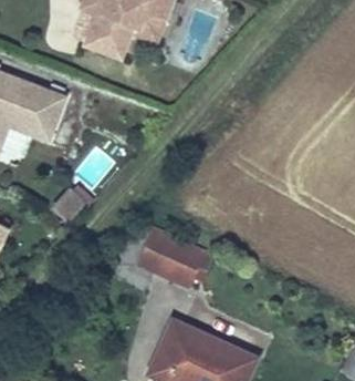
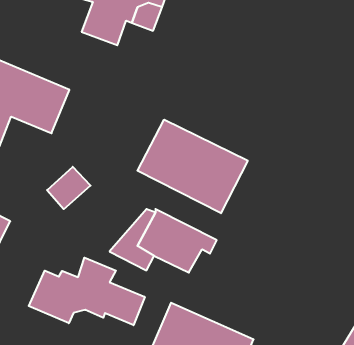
building: none -> [137,120,248,213]
building: none -> [29,258,145,325]

